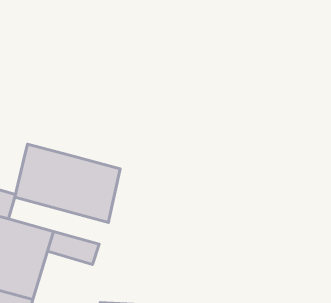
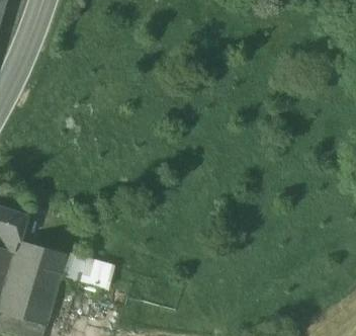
building: [15,144,120,222] -> none

